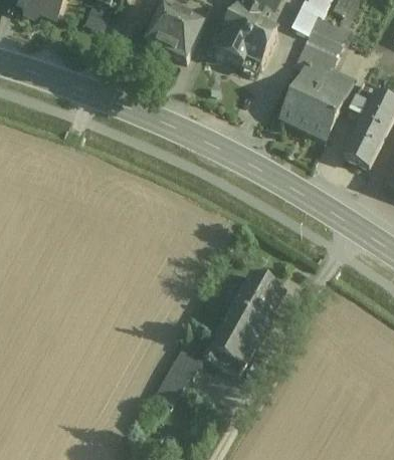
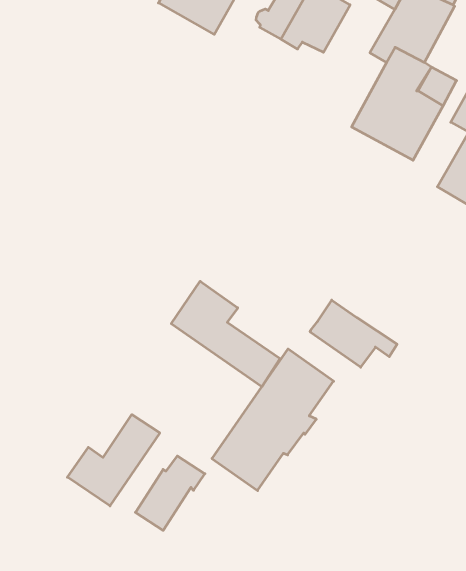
building: none -> [171,281,280,387]
building: none -> [310,300,397,367]
building: none -> [67,415,160,506]

